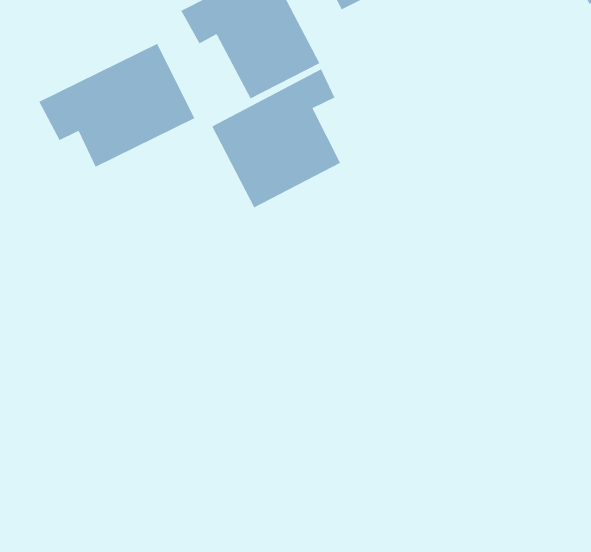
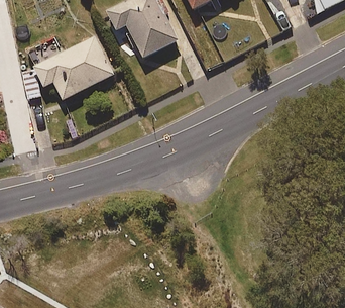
building: [211,68,341,209] -> none

